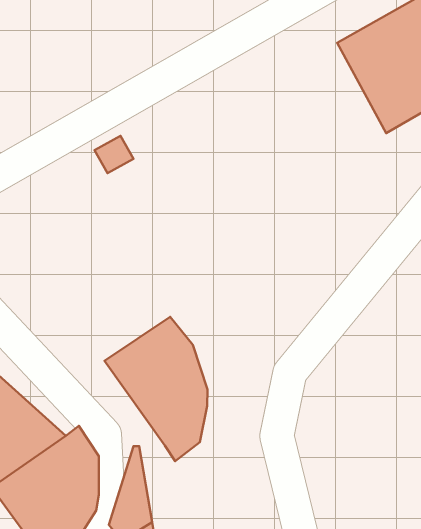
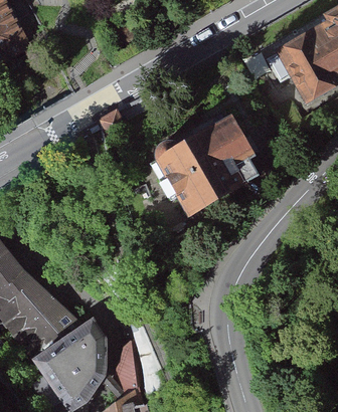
building: none -> [150,110,250,215]
building: [104,317,208,461] -> none

